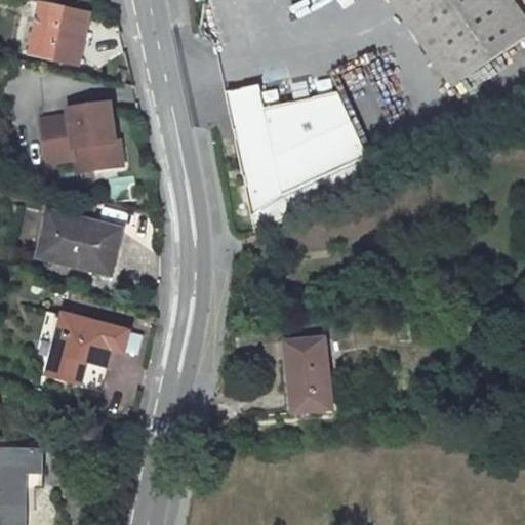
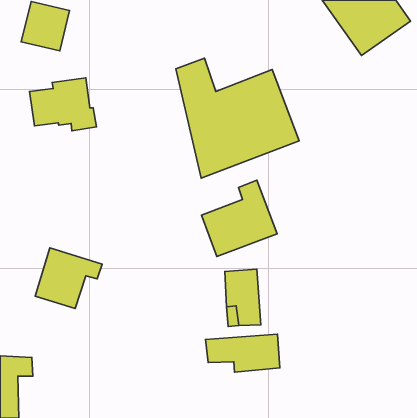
building: [40,210,116,269] -> none
building: none -> [202,180,277,256]
building: none -> [206,334,280,372]

